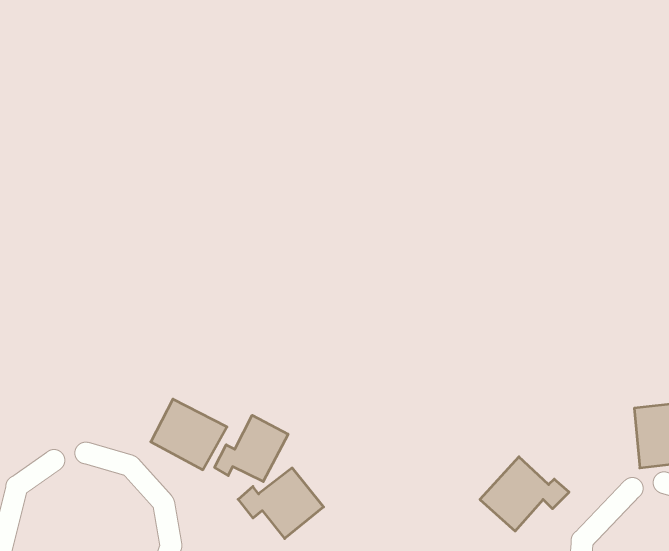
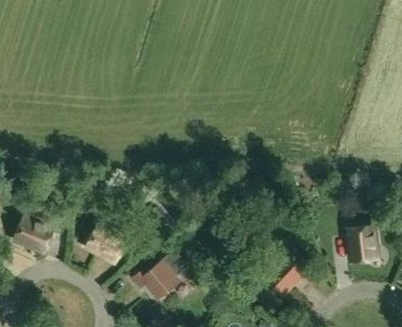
building: none -> [14,216,53,252]
building: [215,415,288,482] -> none

